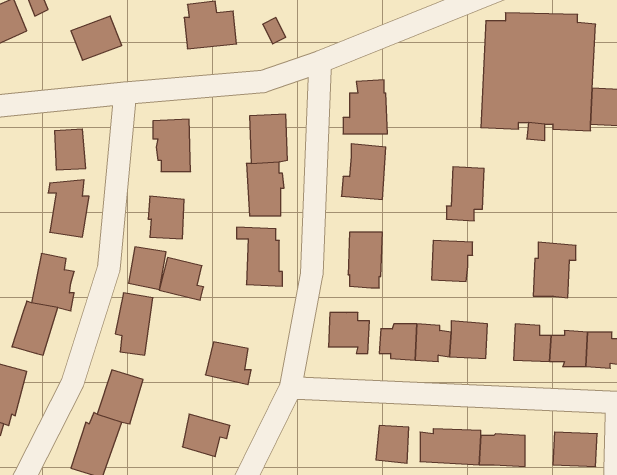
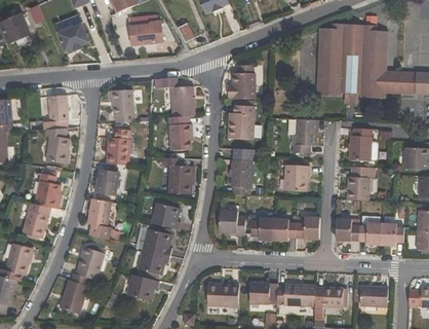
building: none -> [350,127,373,161]
building: [159,258,204,300] -> [152,203,180,229]
building: none -> [139,250,169,275]
building: none -> [208,284,238,307]

